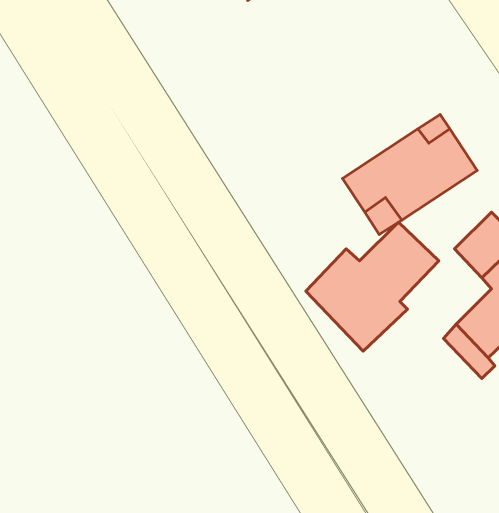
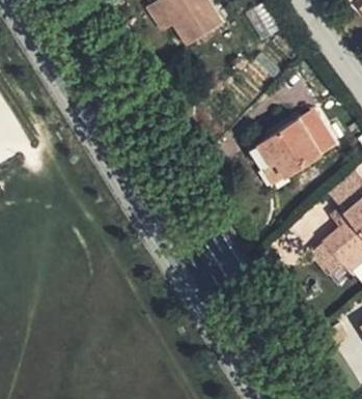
building: [306,222,439,351] -> none

